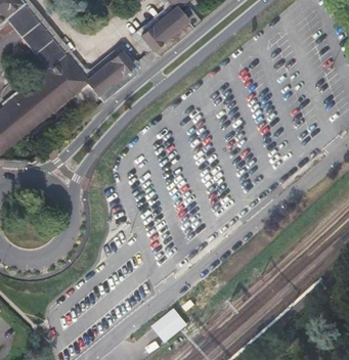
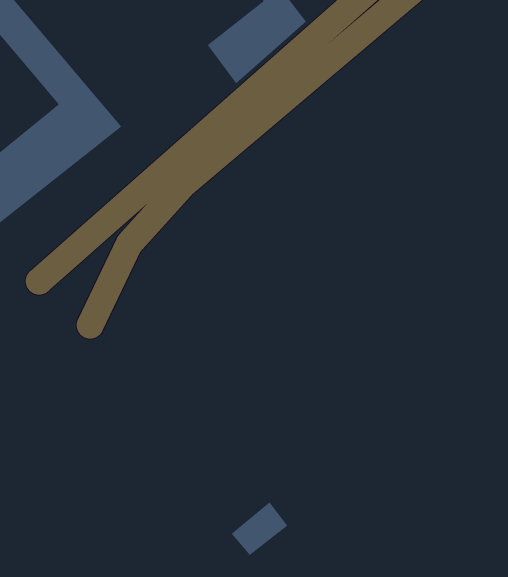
building: [85,49,135,96] -> none

